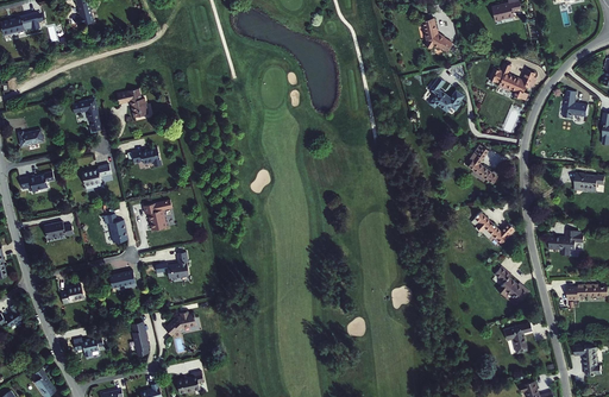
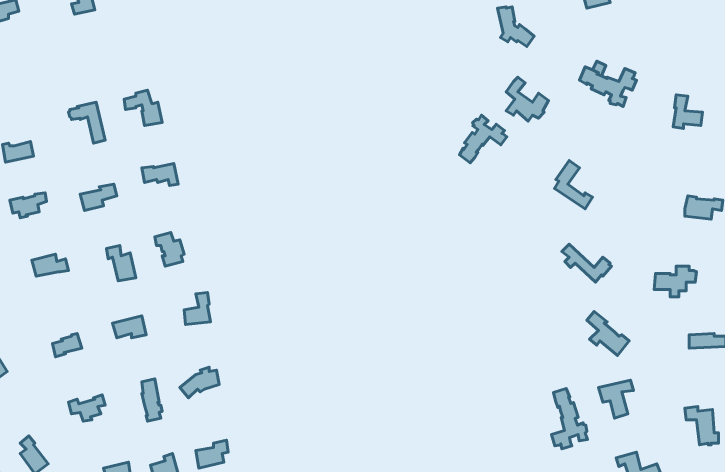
building: none -> [459,115,507,163]
building: none -> [552,389,587,449]

